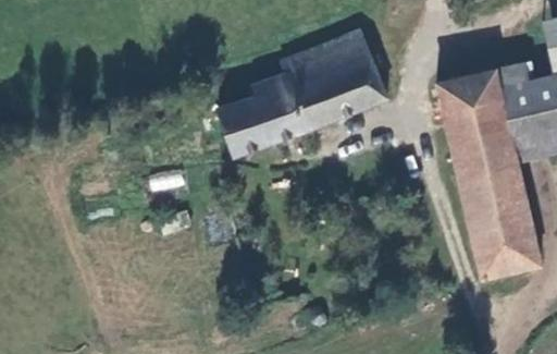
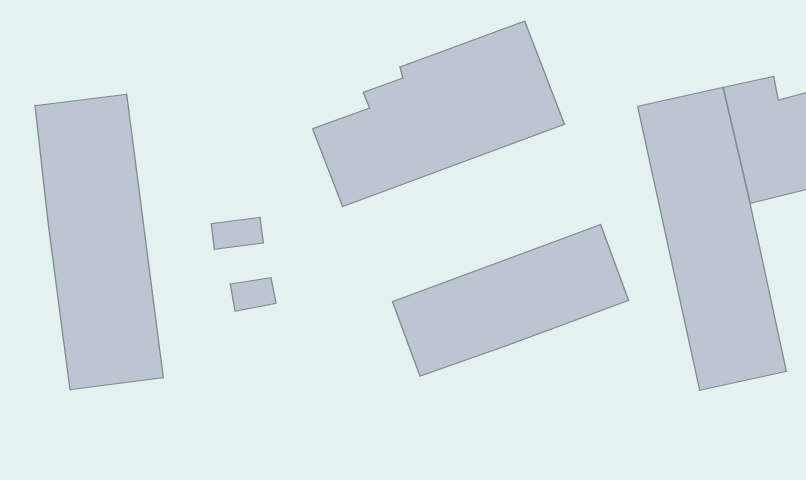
building: none -> [35,94,163,390]
building: none -> [393,224,629,376]

